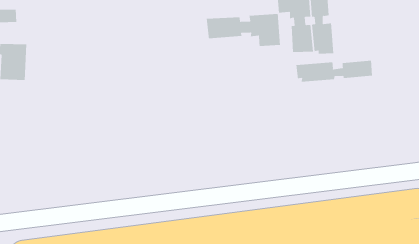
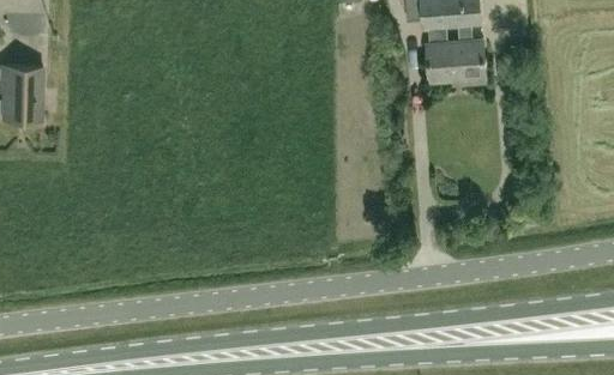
building: [206,13,280,47] -> none
building: [296,60,373,82] -> none

